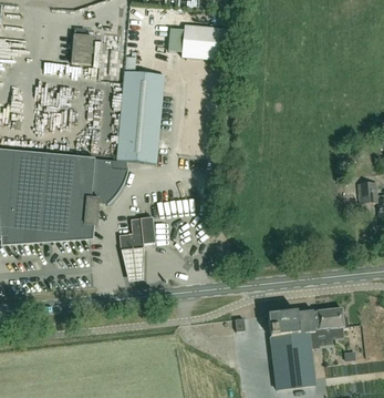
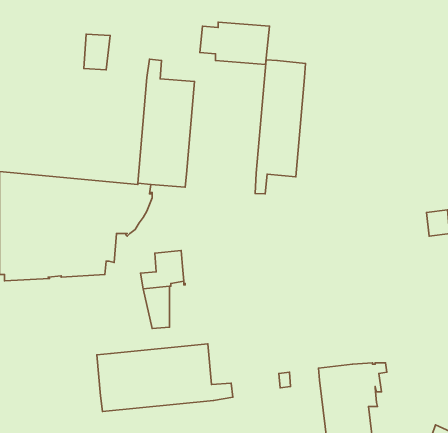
building: none -> [255,60,306,194]
building: none -> [97,344,233,411]
building: [319,308,347,335] -> none

